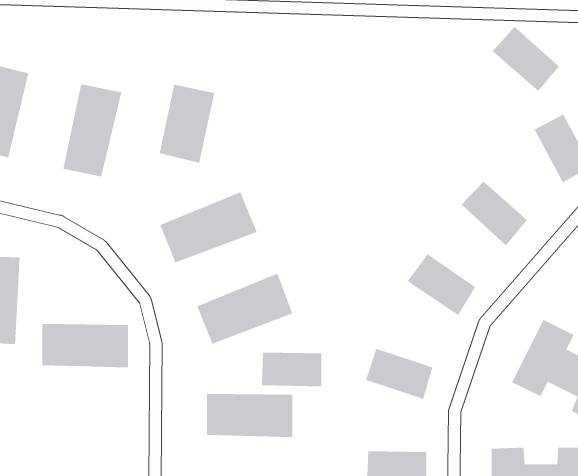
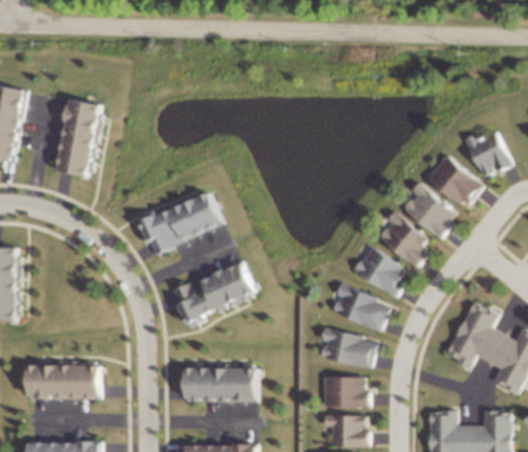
building: [492,26,560,92] -> [427,151,486,207]
building: [159,84,215,164] -> none
building: none -> [375,209,434,266]
building: none -> [328,283,389,332]
building: [42,324,129,368] -> [22,363,97,401]
building: [261,352,322,387] -> [319,377,371,407]

